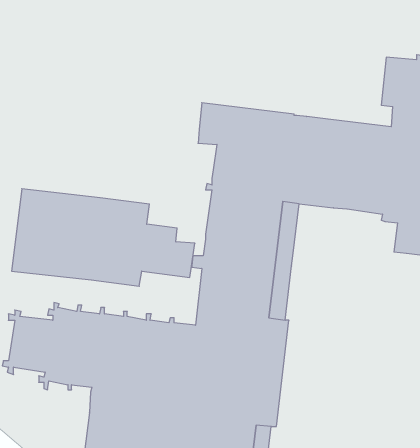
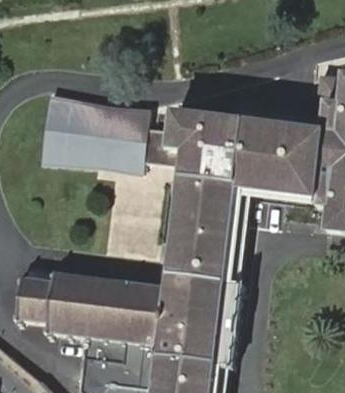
building: [12,189,195,286] -> [38,99,183,176]

